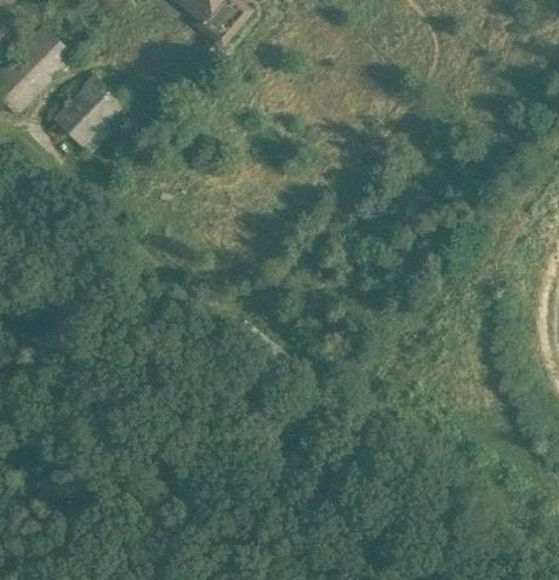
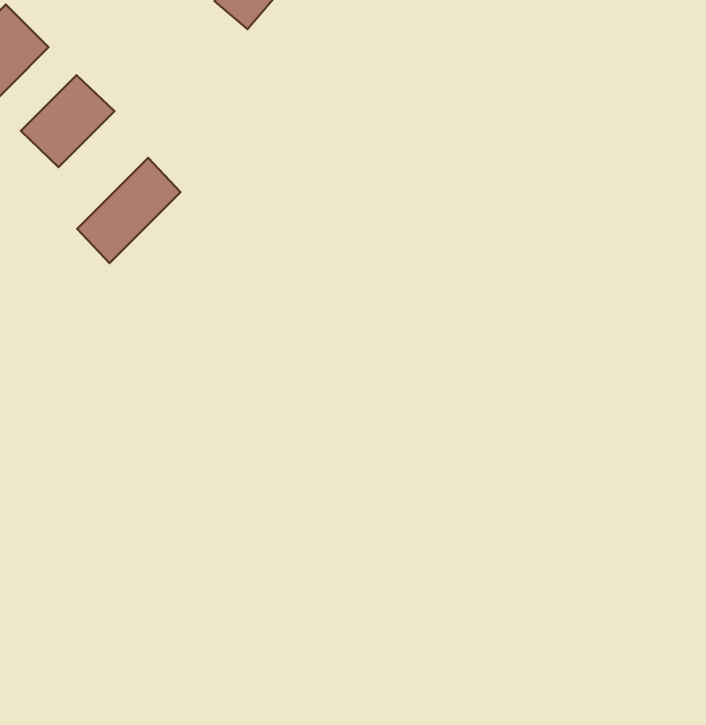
building: none -> [77,158,180,263]

